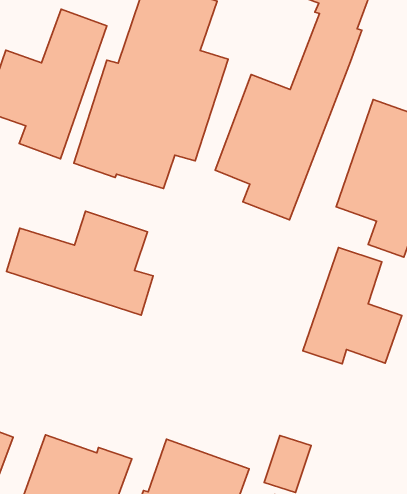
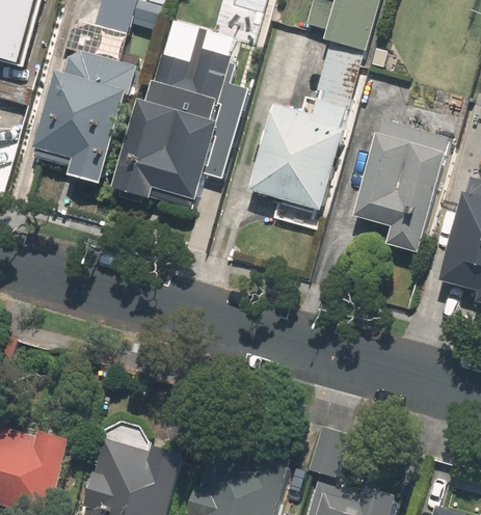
building: [7,211,153,315] -> none
building: [303,247,402,364] -> none

